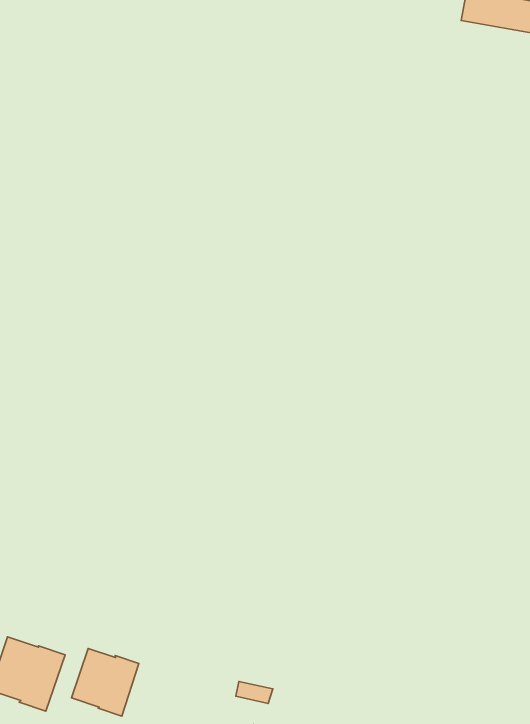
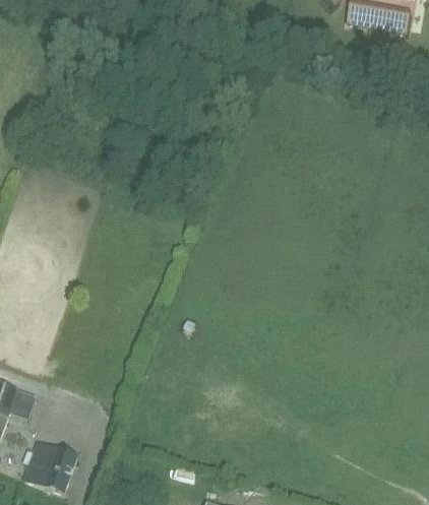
building: [72,648,139,716] -> none

